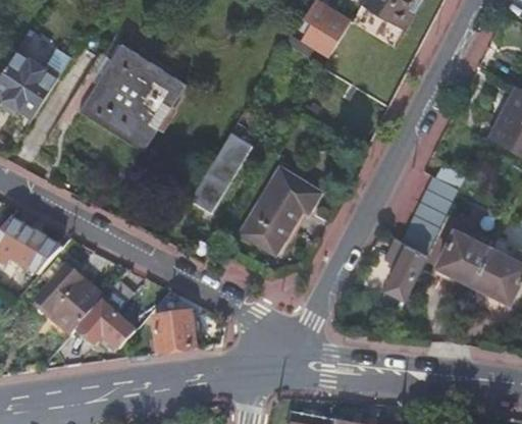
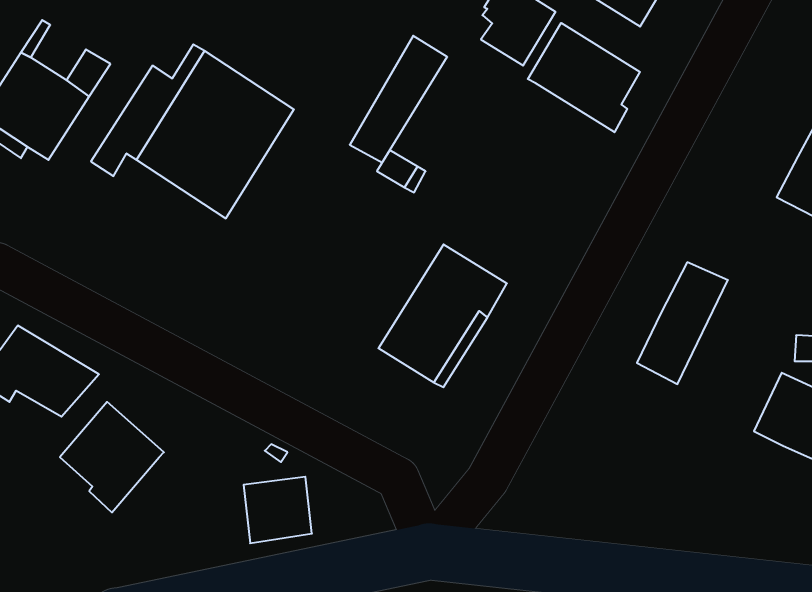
building: none -> [528,23,640,132]
building: [191,131,252,211] -> [350,36,447,163]
building: [437,230,491,284] -> none
building: [382,238,426,299] -> none
building: [79,279,137,351] -> none

